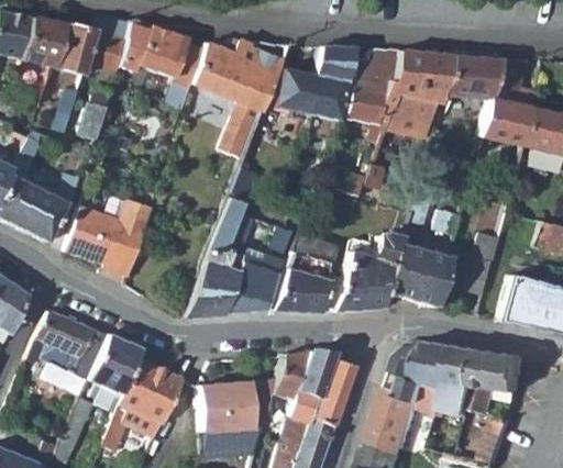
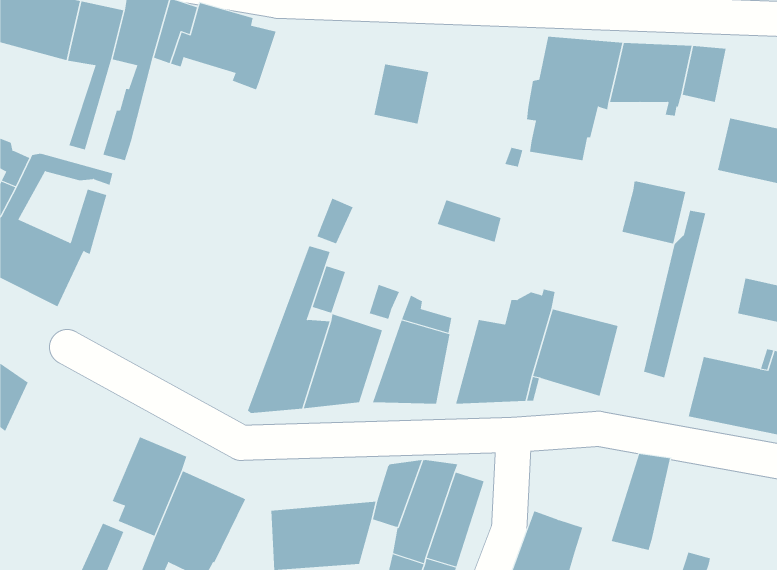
building: [191,37,285,154] -> none
building: [305,44,352,118] -> none
building: [345,48,397,124] -> none
building: [481,100,527,145] -> [622,181,686,244]
building: [65,199,151,276] -> none
building: [26,313,106,394] -> none
building: [393,342,462,424] -> none
building: [472,350,529,414] -> none

